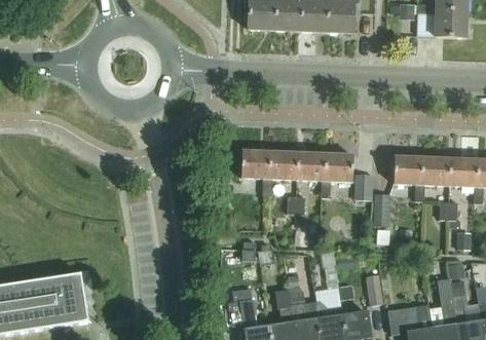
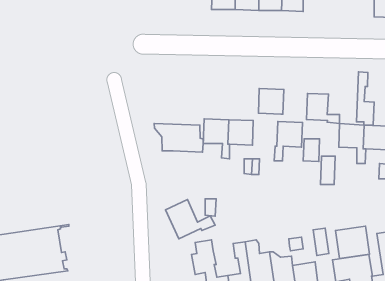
building: none -> [357,72,374,125]
building: none -> [307,93,340,123]
building: [296,152,325,181] -> [258,89,284,114]
building: none -> [154,124,203,152]
building: none -> [165,200,215,239]
building: none -> [335,226,370,259]

